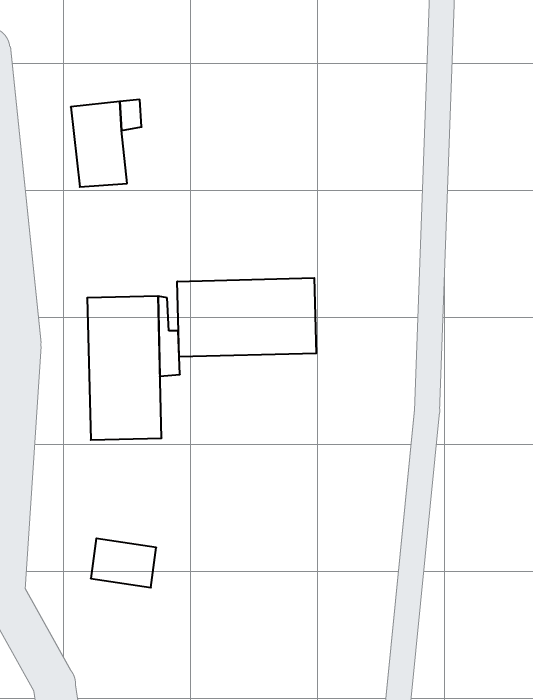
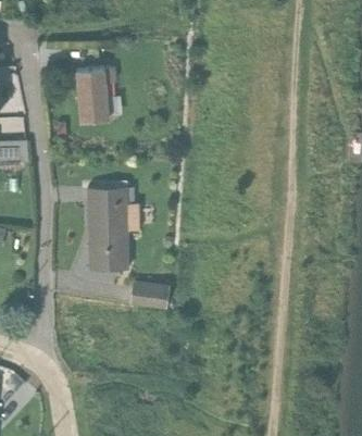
building: [177,278,316,357] -> none
building: [91,538,156,588] -> [129,283,168,312]

